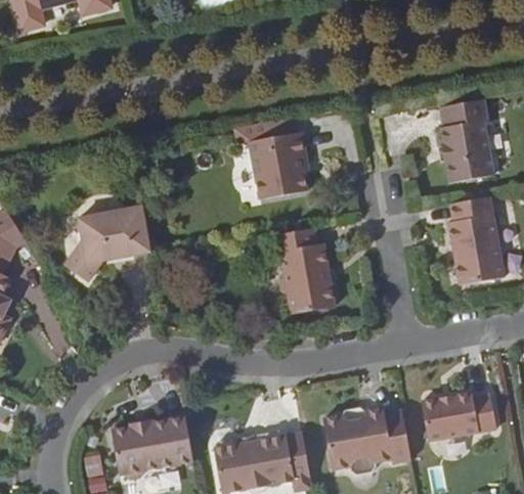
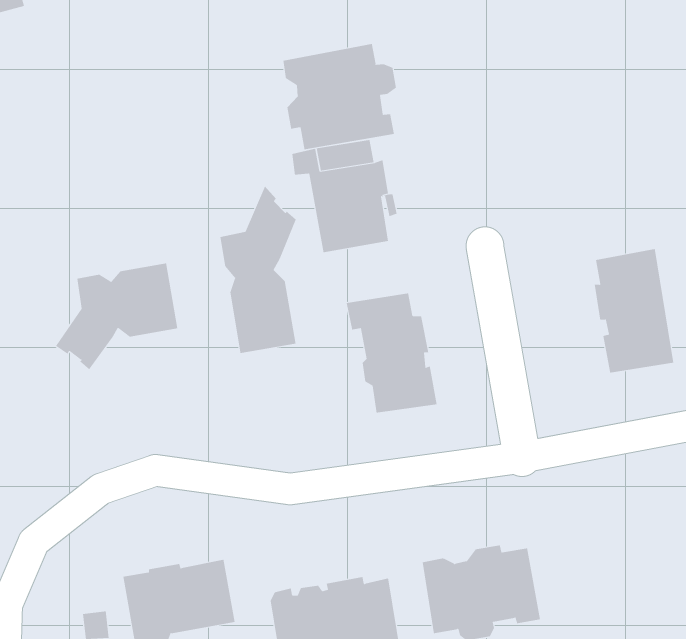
building: none -> [283,43,397,150]
building: [439,99,491,182] -> none
building: none -> [220,186,297,354]
building: [422,391,497,441] -> none

